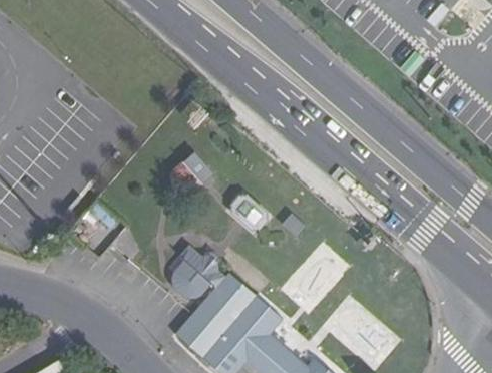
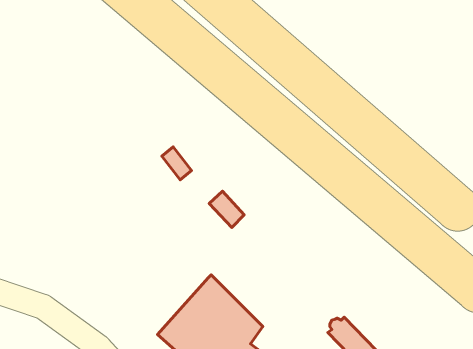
building: [174,248,226,300] -> none

